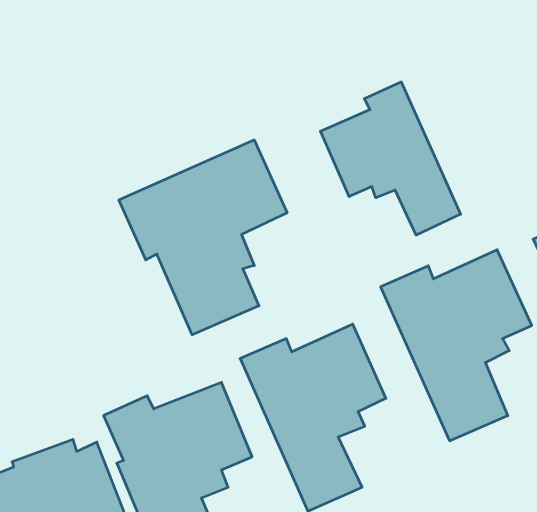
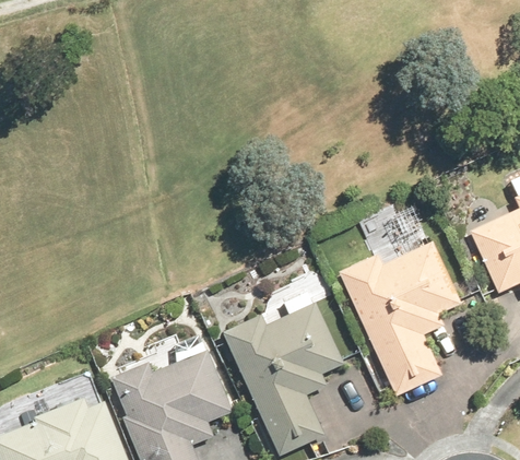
building: [320,82,461,235] -> none
building: [119,140,287,335] -> none

